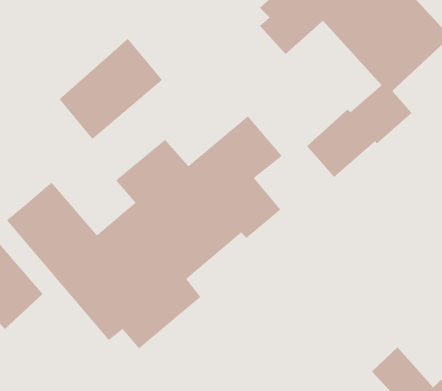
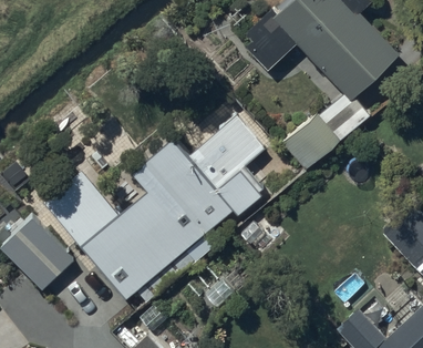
building: [59,38,163,140] -> none

